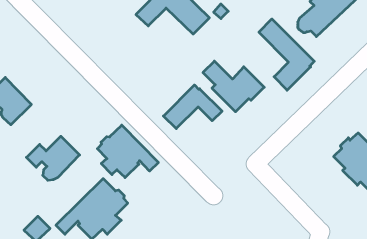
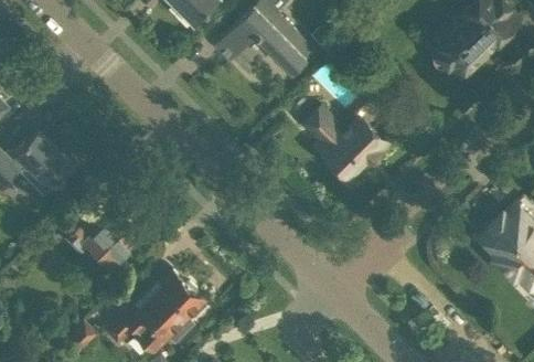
building: [259,19,314,90] -> none
building: [163,85,222,129] -> none
building: [97,125,158,178] -> none

